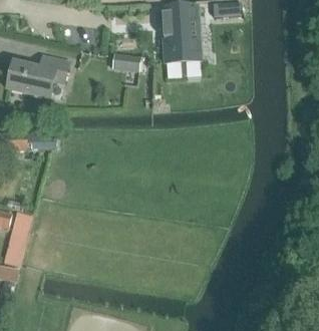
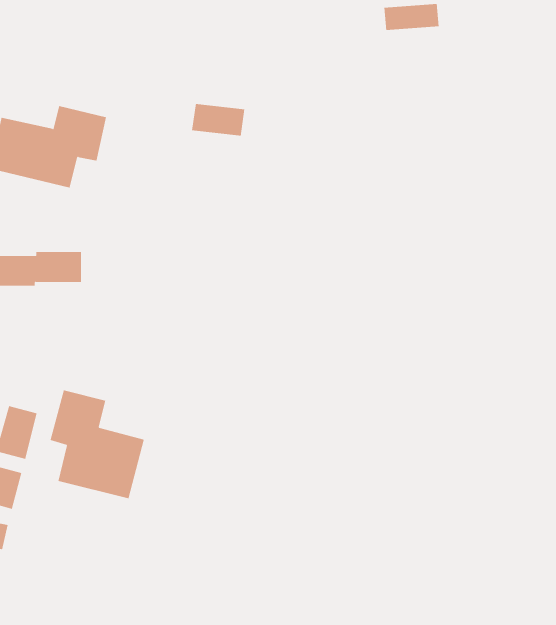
building: [164,5,202,62] -> none
building: none -> [50,390,145,499]

